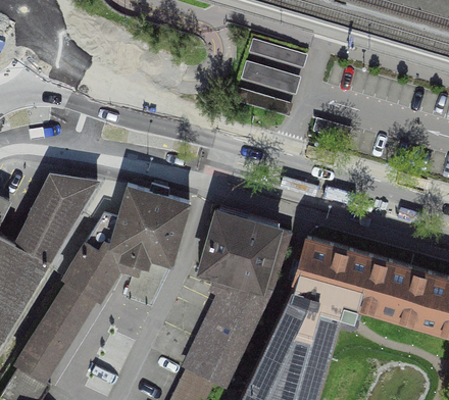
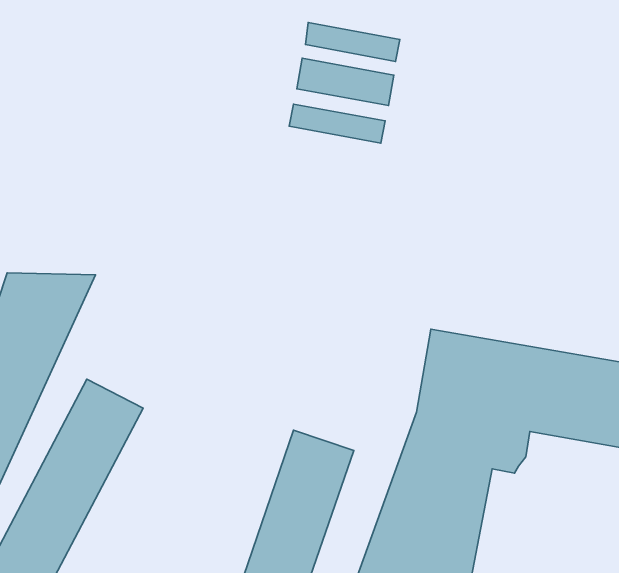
building: [107,187,192,266] -> none
building: [194,208,284,299] -> none

